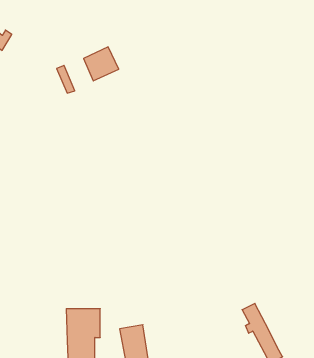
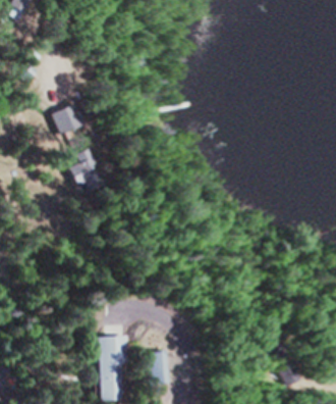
building: [84,47,119,81] -> [55,106,89,139]
building: none -> [73,152,109,194]

